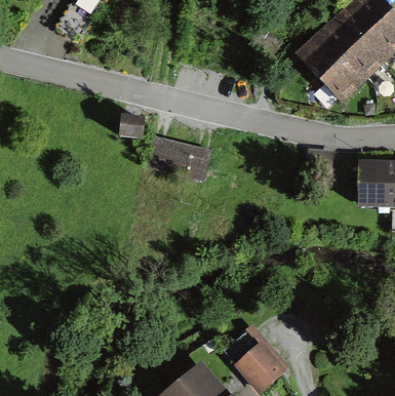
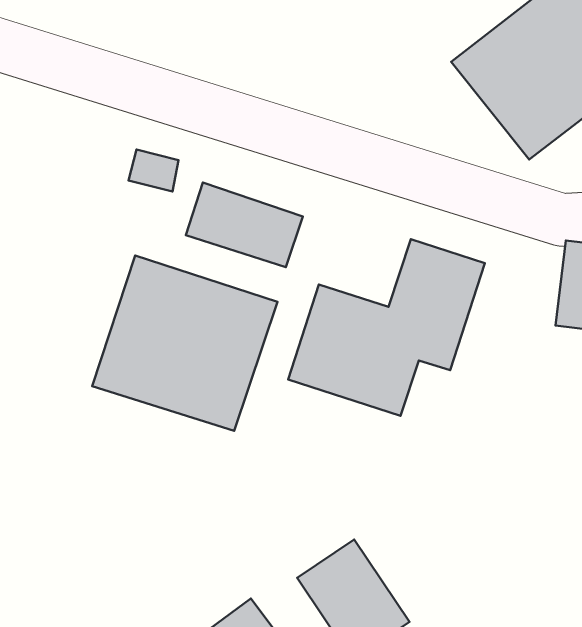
building: none -> [288,239,485,416]
building: none -> [92,256,278,431]

